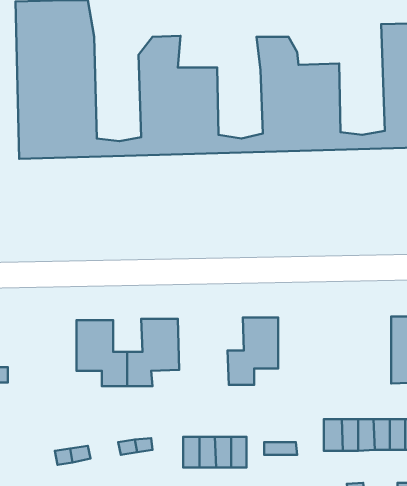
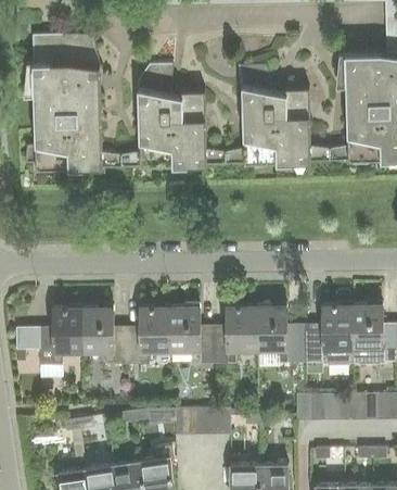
building: none -> [309,304,353,362]
building: none -> [256,305,300,362]
building: none -> [170,306,214,363]
building: none -> [40,307,84,365]

